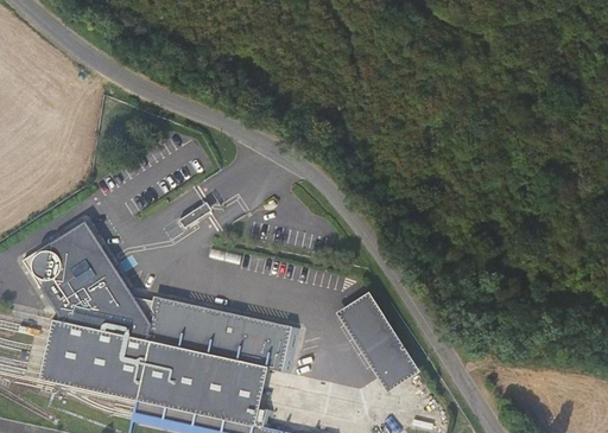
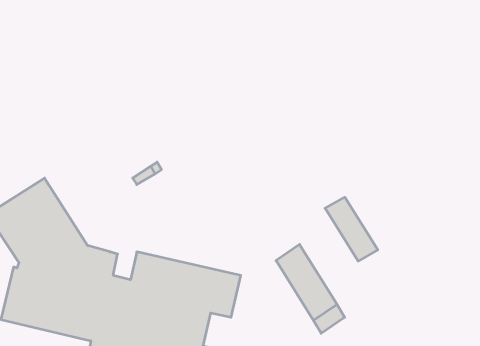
building: none -> [325,197,378,261]
building: [157,294,186,331] -> none

